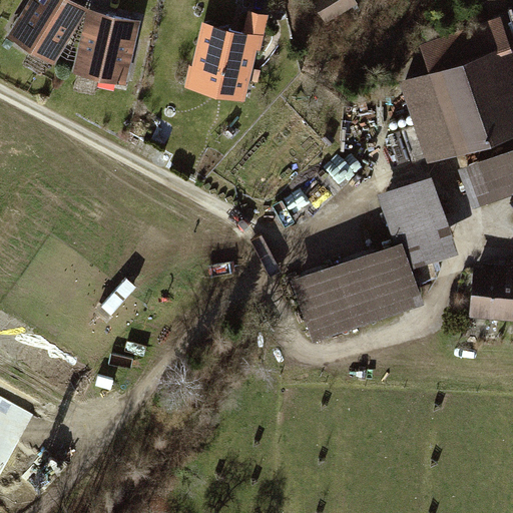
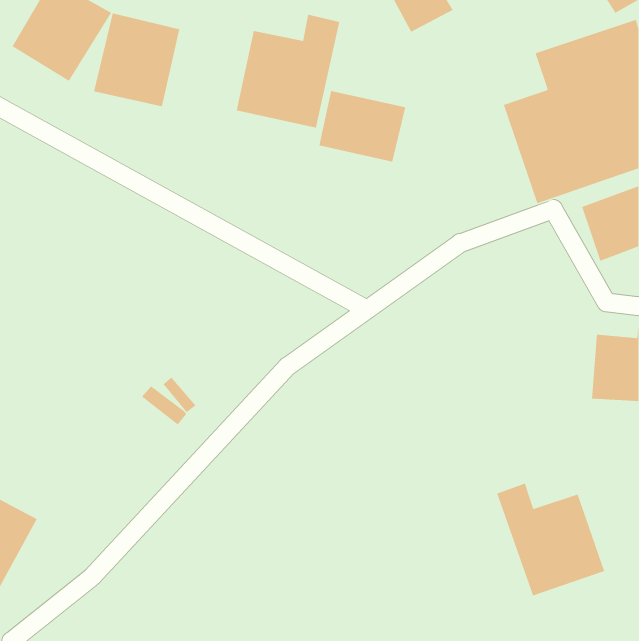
building: none -> [319,90,406,163]
building: [293,176,460,342] -> none
building: none -> [496,483,605,597]

